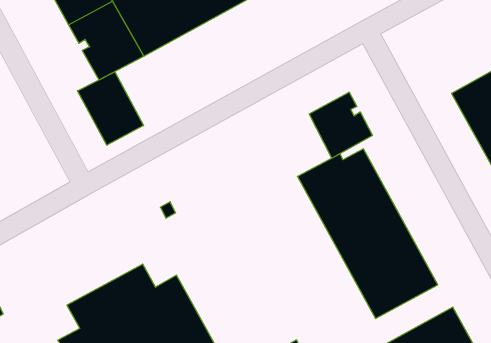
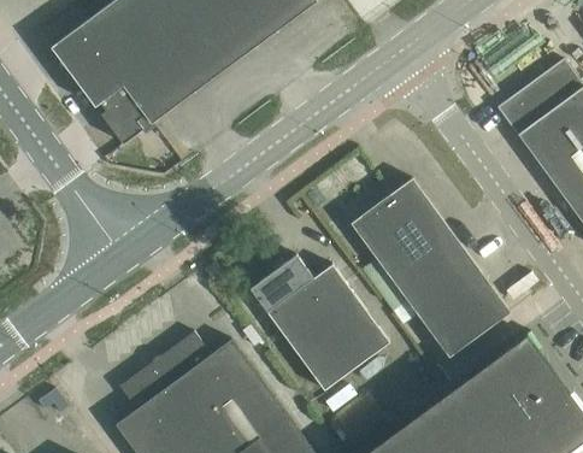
building: [77,72,144,145] -> none
building: [309,92,372,158] -> none
building: none -> [251,254,390,390]

